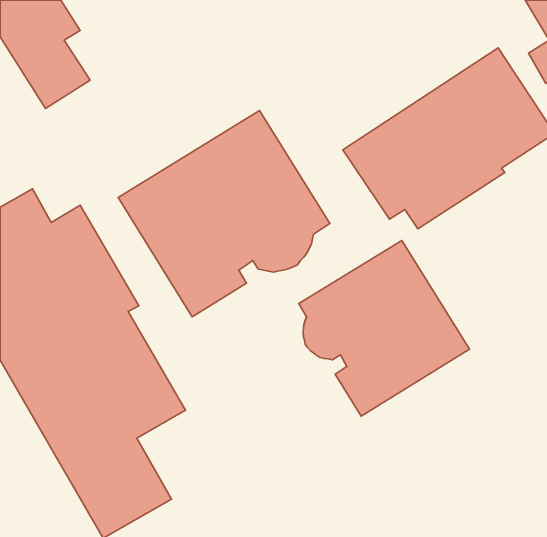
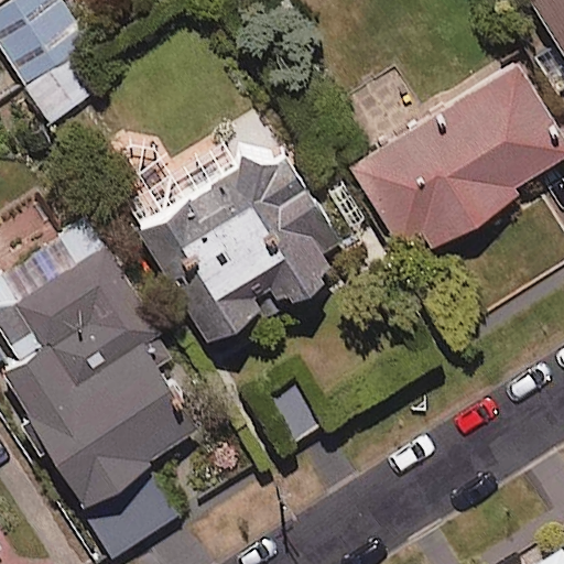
building: [299,240,470,416] -> none

